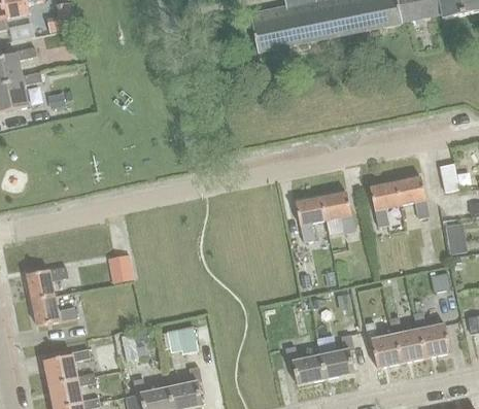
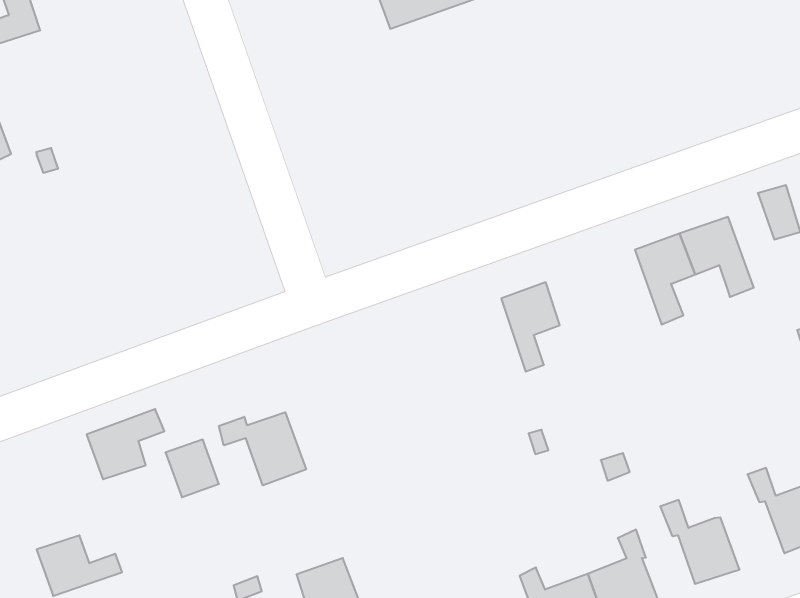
building: [321,192,354,235] -> none
building: none -> [219,412,306,485]
building: [27,266,68,299] -> [87,409,164,479]
building: [388,316,425,363] -> none

